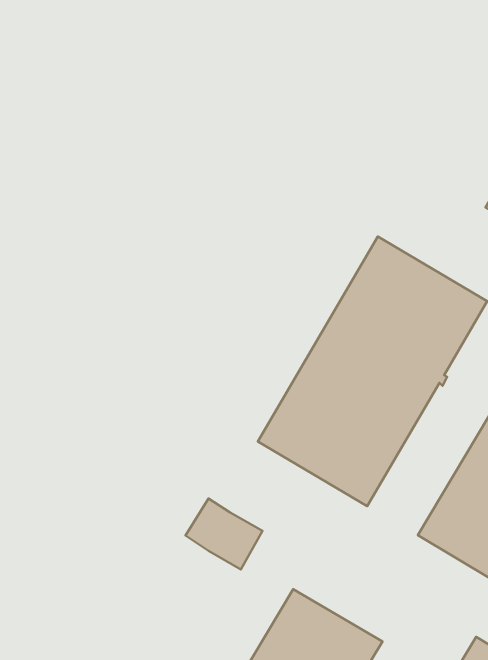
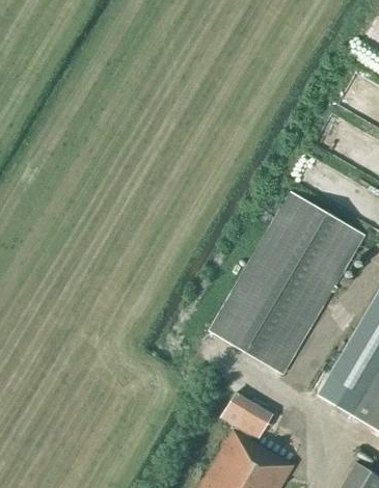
building: [186,499,263,569] -> [221,392,273,440]

